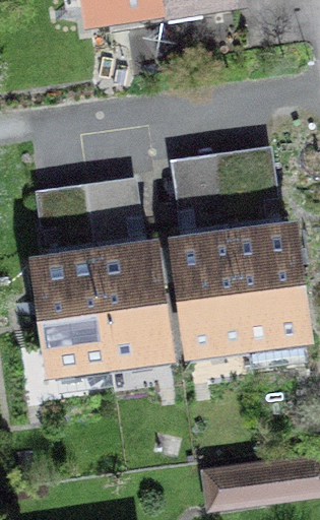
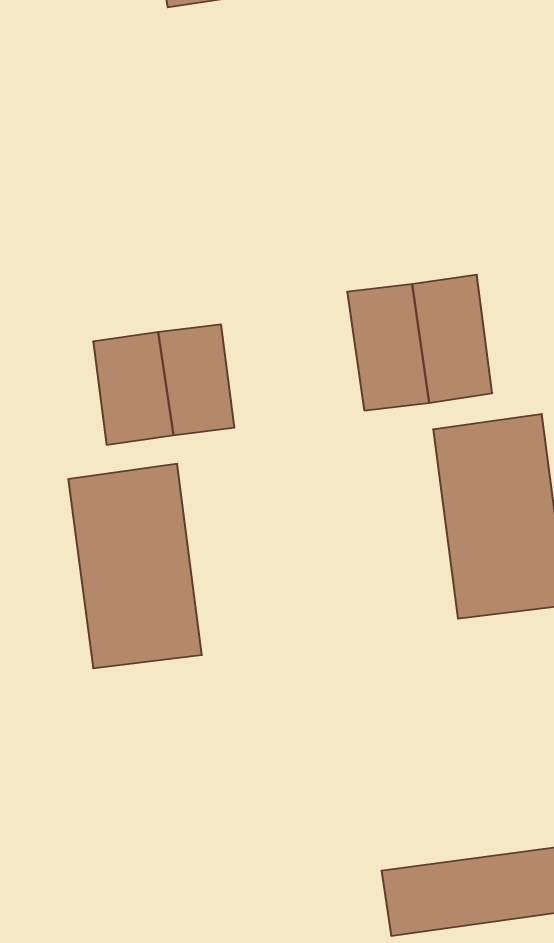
building: [175,237,246,345] -> none
building: [97,247,168,356] -> none

